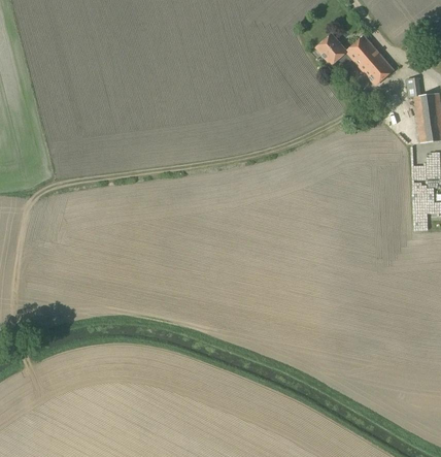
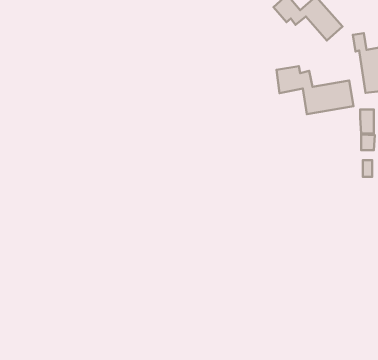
building: none -> [276,66,353,114]

